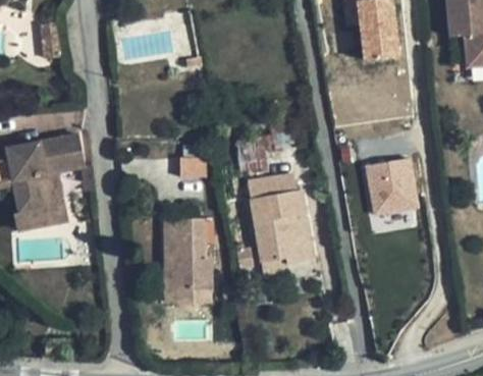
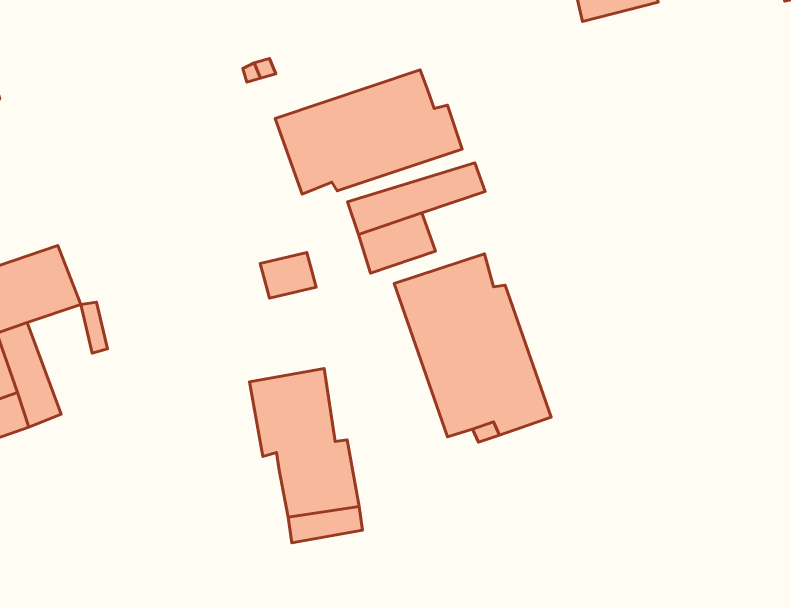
building: none -> [275,70,462,194]
building: [365,158,417,215] -> none

